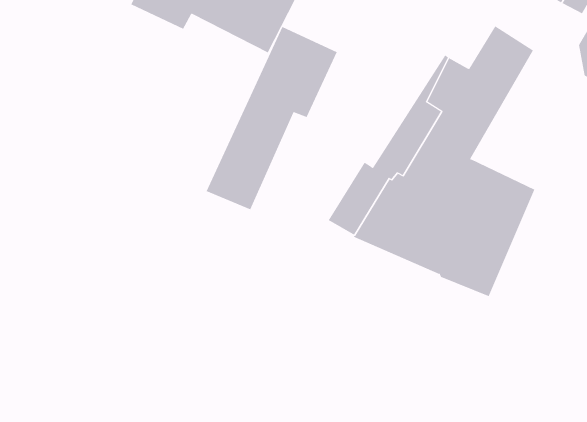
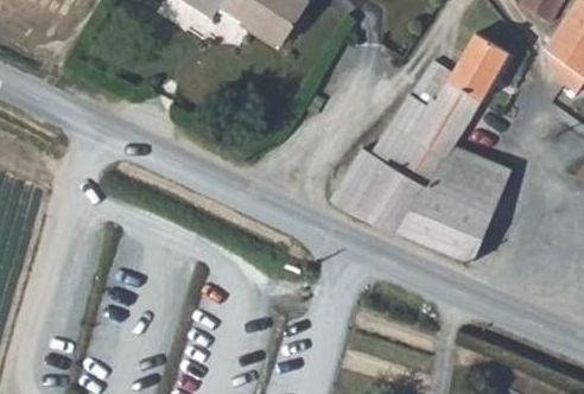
building: [206,26,337,210] -> none

